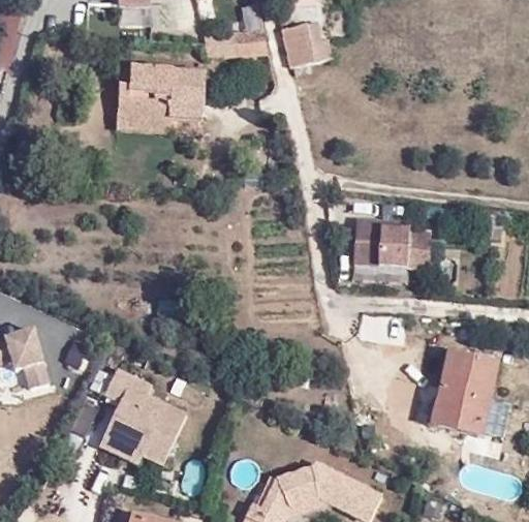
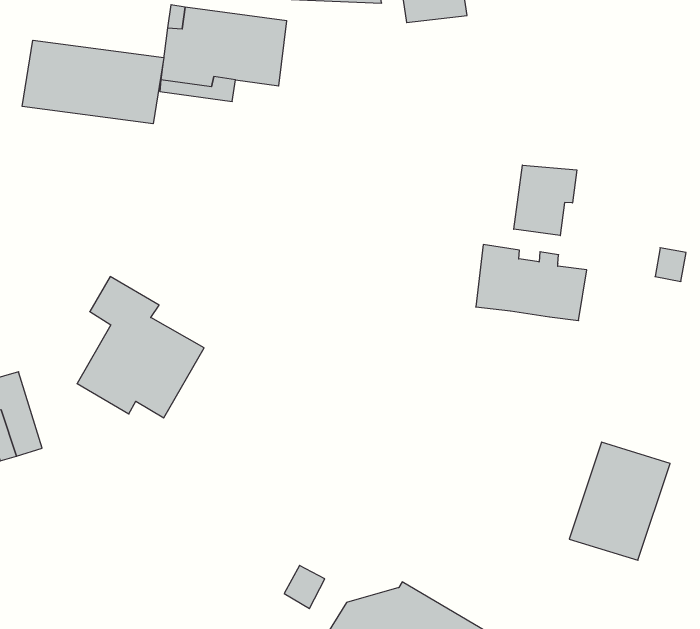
building: none -> [22,40,164,124]
building: none -> [514,165,577,236]
building: [99,367,187,464] -> [77,277,204,418]

